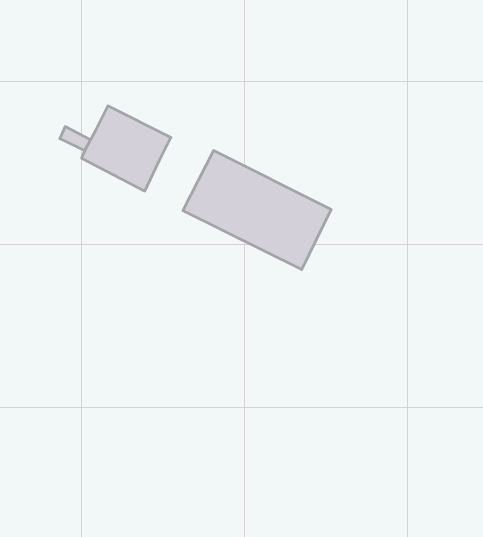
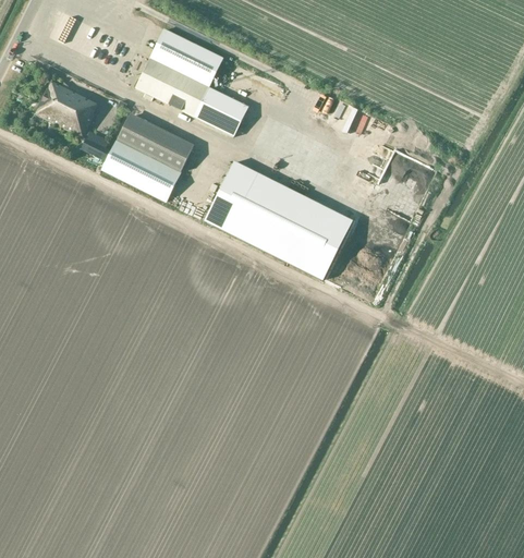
building: none -> [135,27,248,135]
building: none -> [34,78,97,137]

